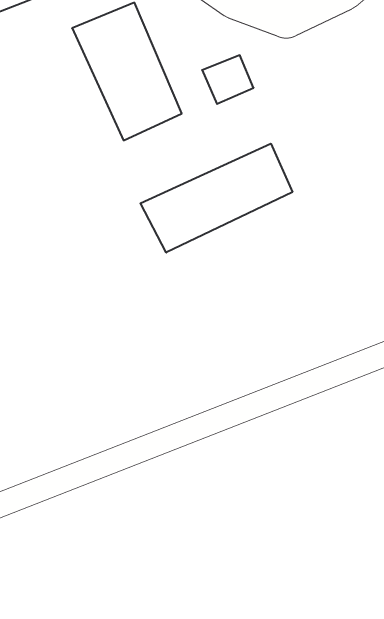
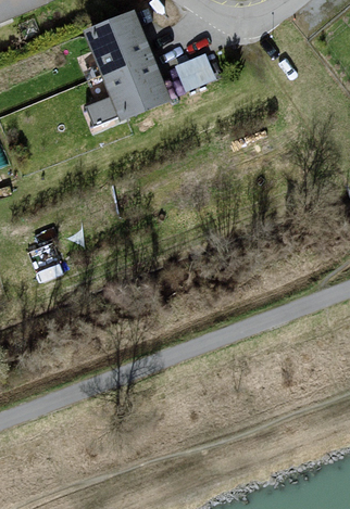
building: [140,144,292,253] -> none

